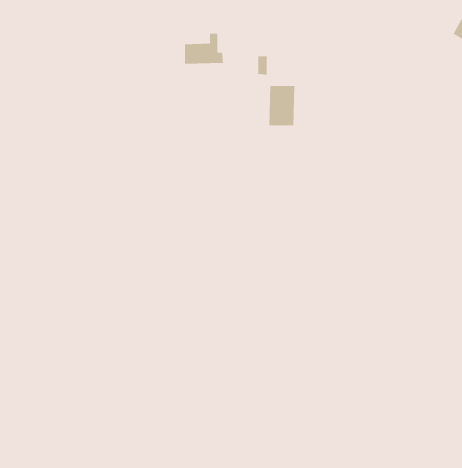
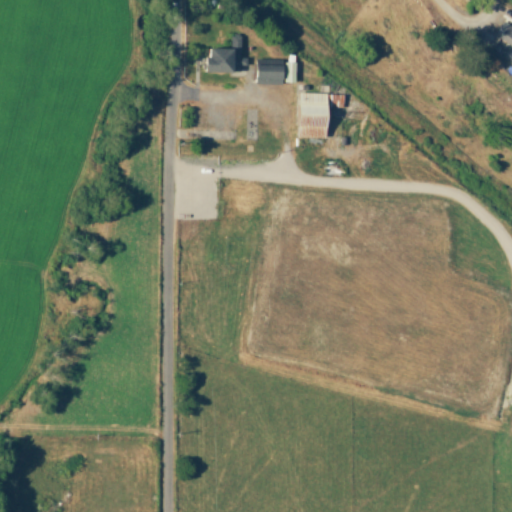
building: none -> [258,63,286,85]

